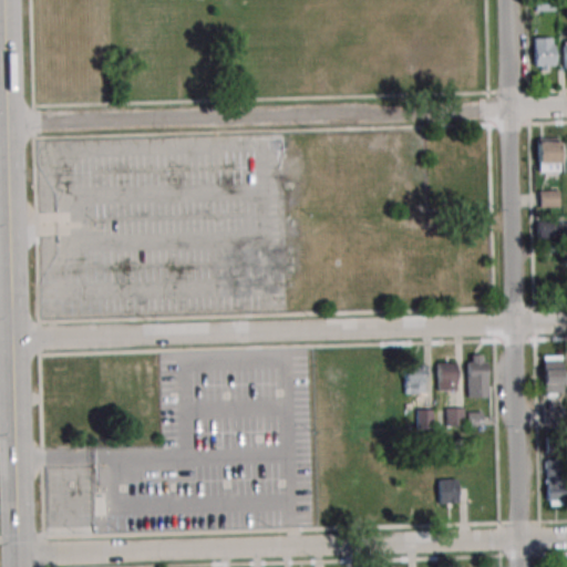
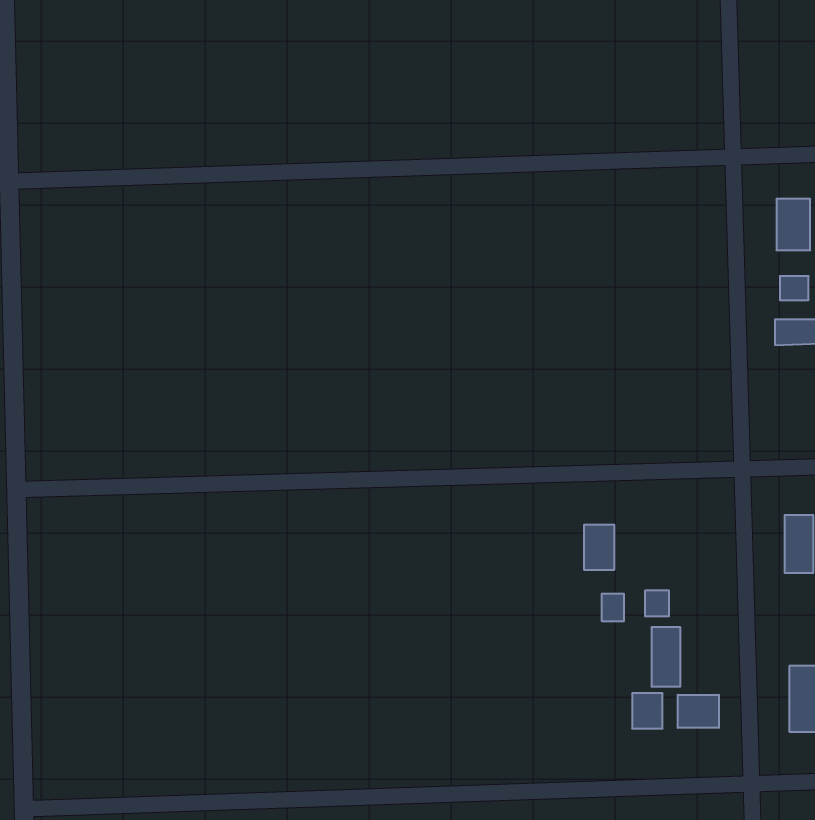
building: [536,38,558,70] -> none
building: [470,355,489,396] -> [651,627,680,687]
building: [440,362,460,391] -> none
building: none -> [678,695,719,728]

